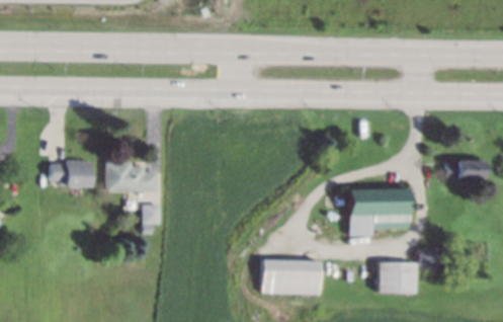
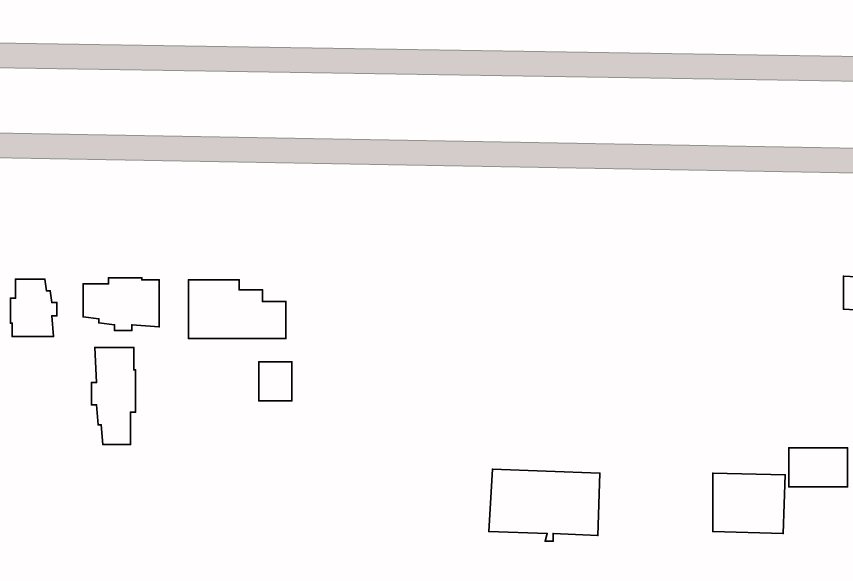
building: none -> [10,279,57,336]
building: [349,188,418,236] -> none
building: none -> [92,348,135,445]

